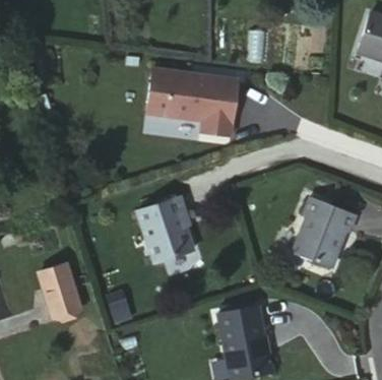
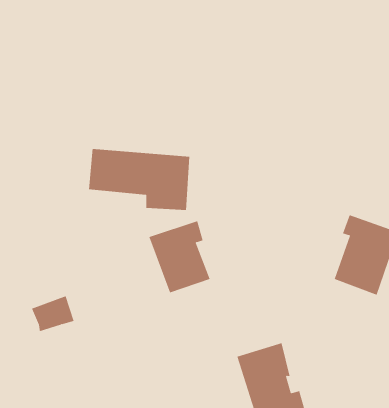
building: [145,72,234,126] -> [88,148,190,210]
building: [43,284,81,321] -> none

